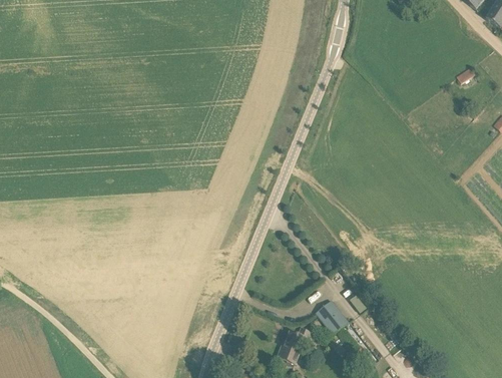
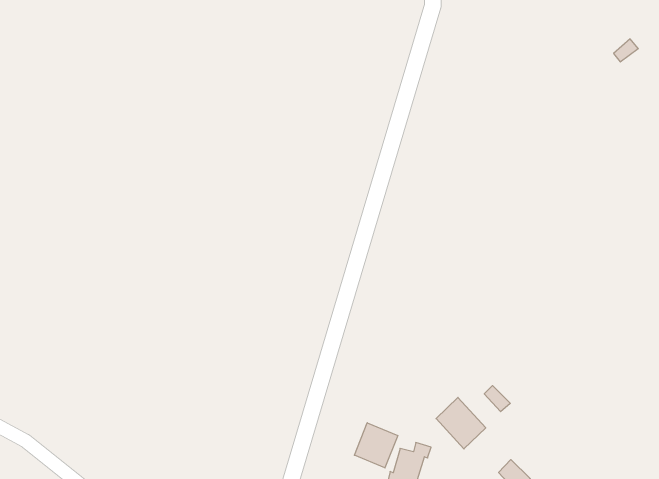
building: none -> [354,423,398,468]

